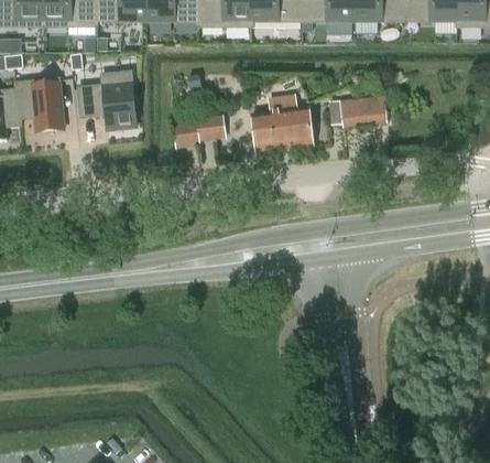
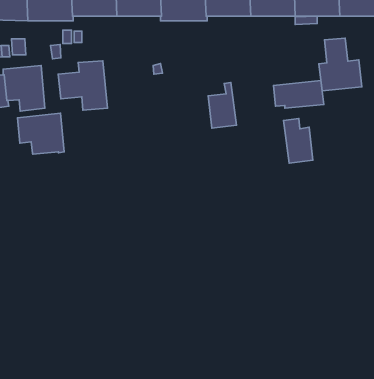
building: none -> [319,38,362,91]
building: [279,95,313,147] -> [284,118,313,163]
building: [172,115,225,148] -> none
building: none -> [18,113,64,154]

